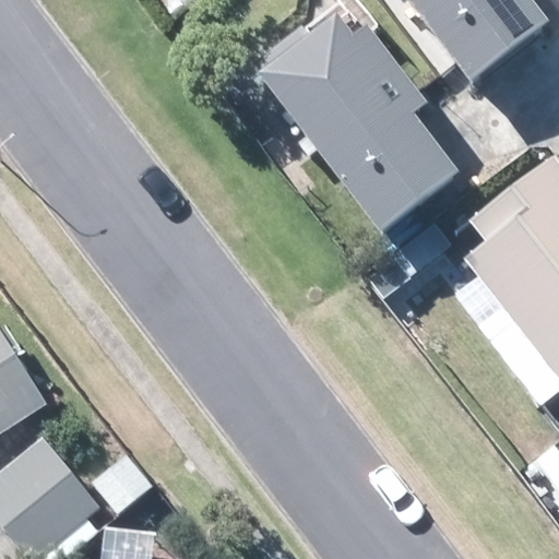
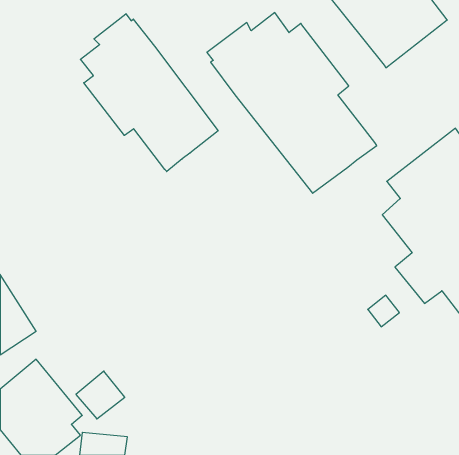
building: none -> [80,14,218,172]

